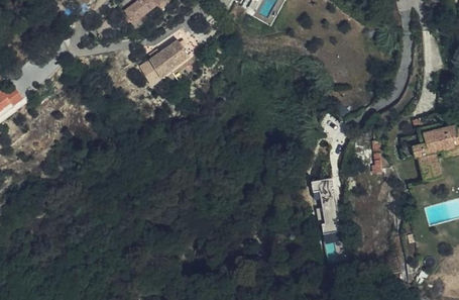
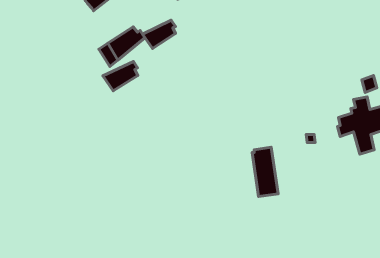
building: none -> [143,20,176,48]
building: none -> [103,61,138,91]

